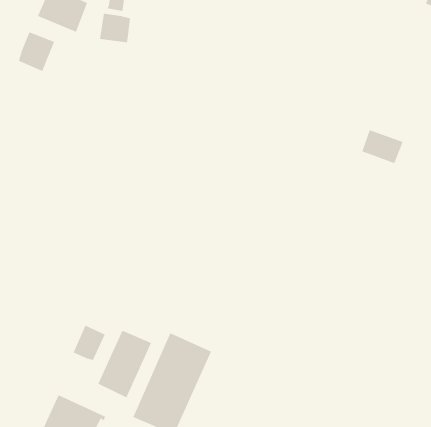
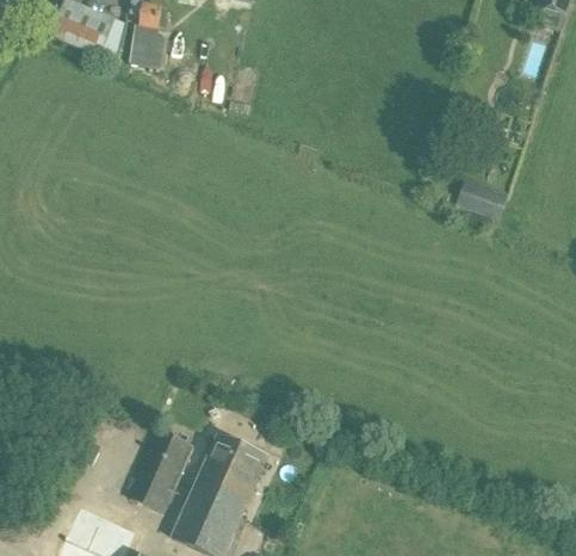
building: [18,31,55,72] -> none
building: [73,325,106,361] -> none

